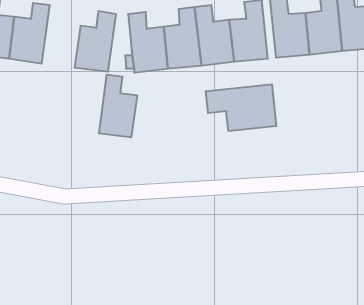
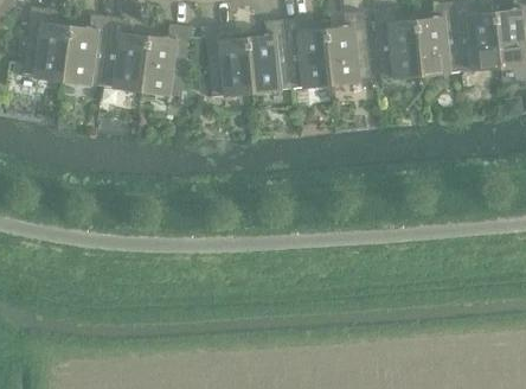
building: [99,75,137,137] -> [100,14,146,89]
building: [206,84,276,131] -> none

